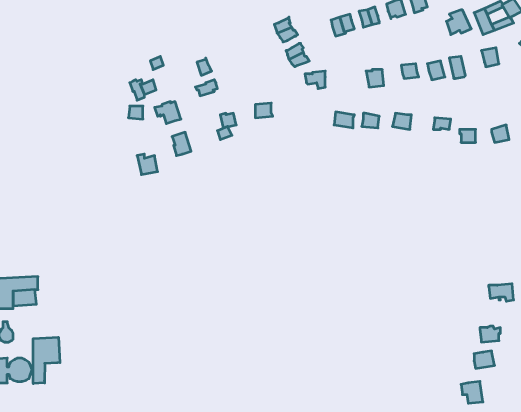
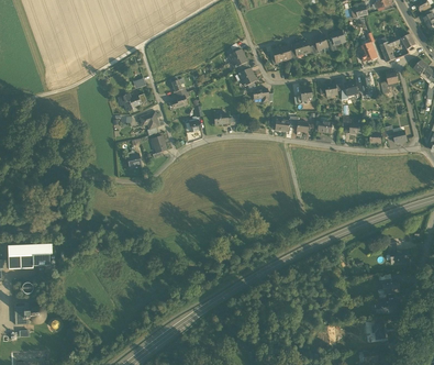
building: [33,337,60,384] -> none

